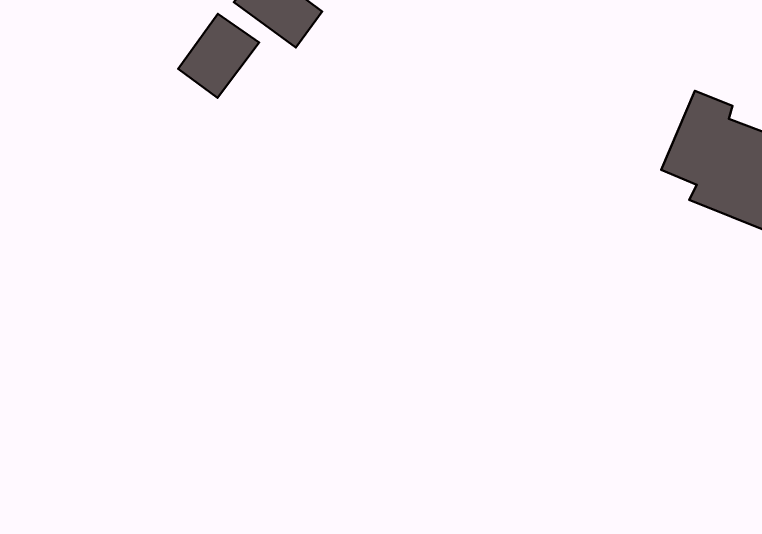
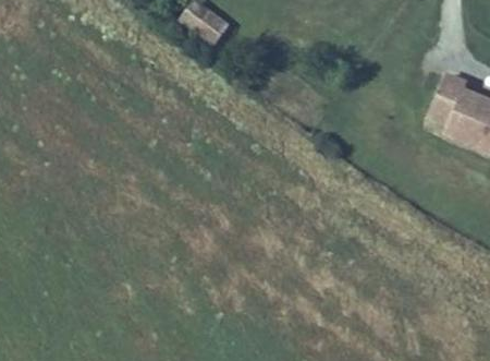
building: [178,14,259,98] -> none

